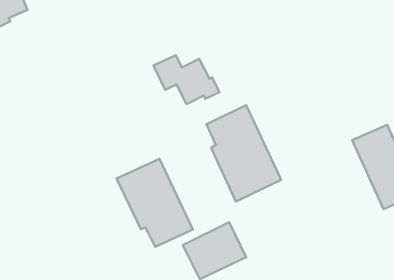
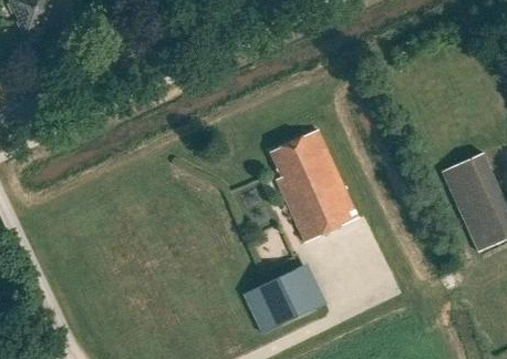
building: [154,55,219,104] -> none
building: [116,159,193,247] -> none

